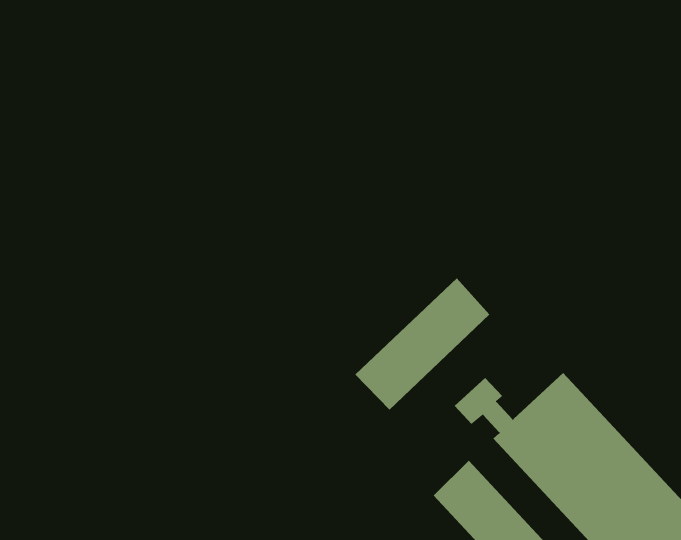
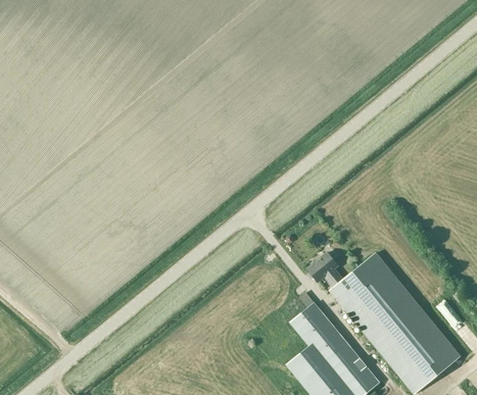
building: [354,277,490,410] -> none

